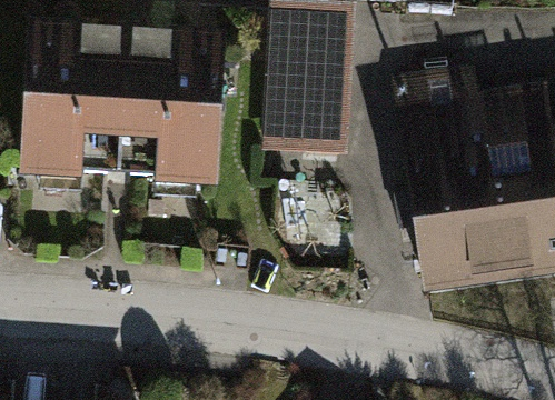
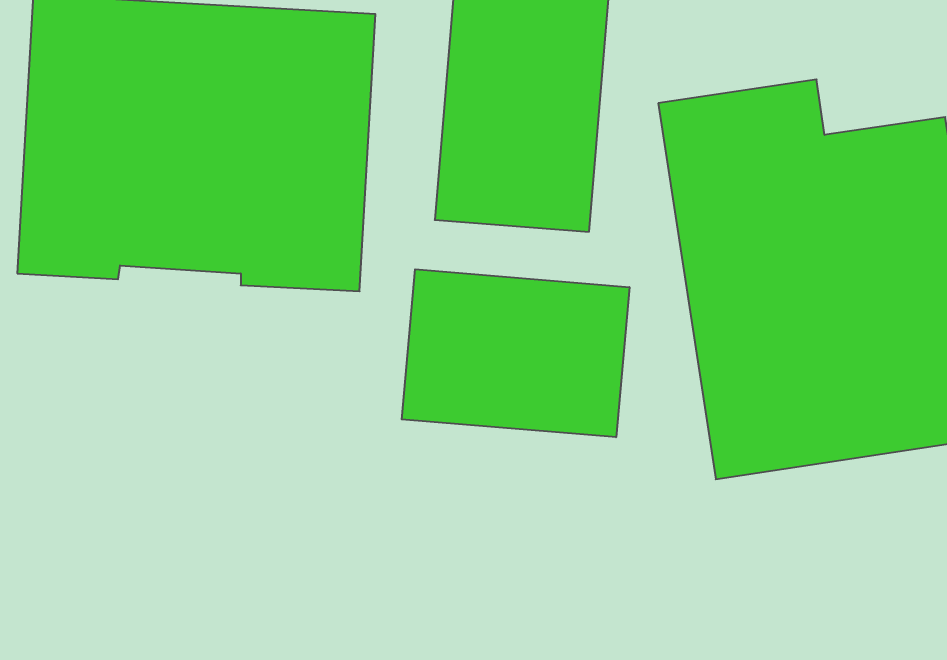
building: none -> [402,269,629,437]

